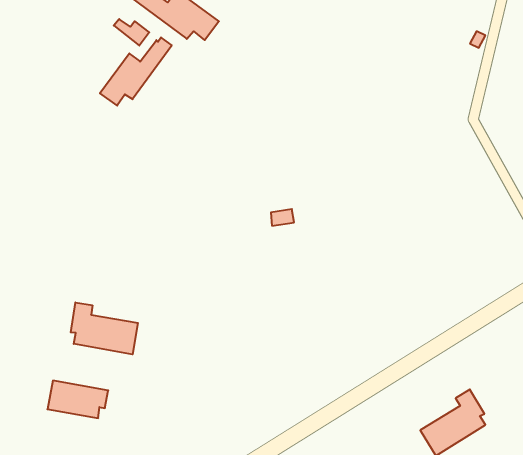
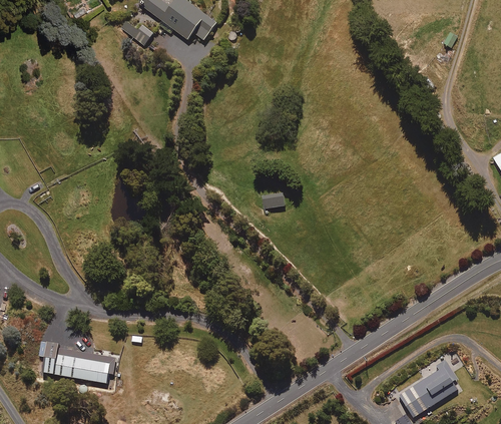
building: [100,37,172,106] -> none
building: [71,302,138,354] -> none

